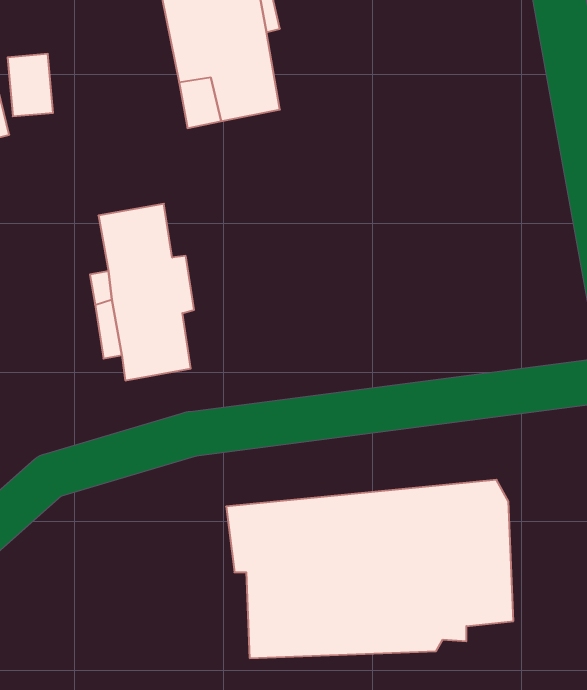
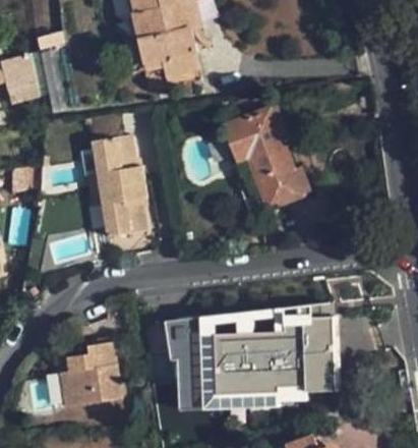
building: none -> [222,104,310,210]
building: none -> [65,336,127,408]

